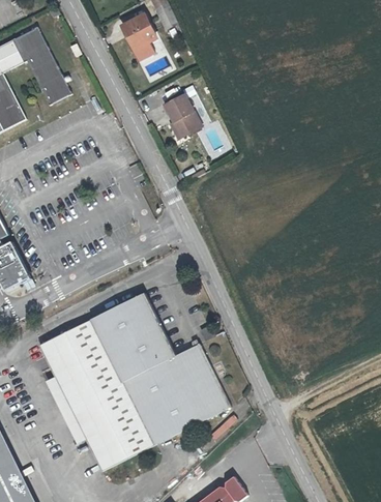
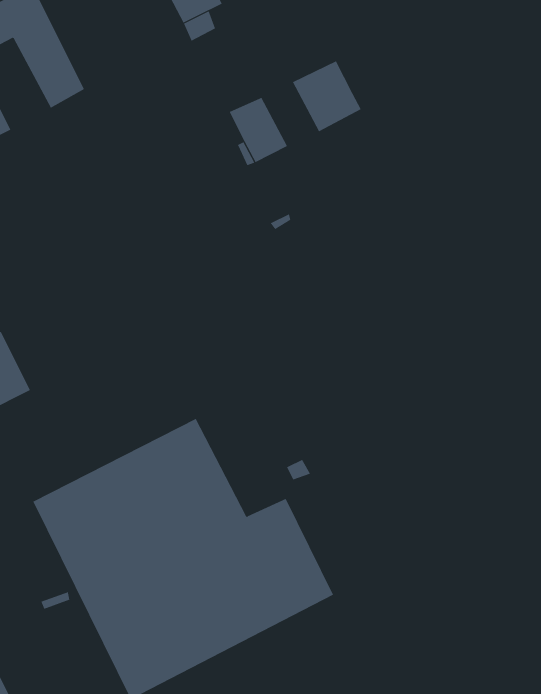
building: none -> [292,61,361,132]

